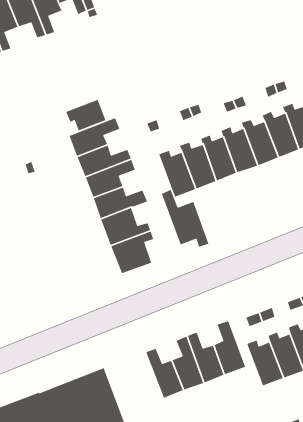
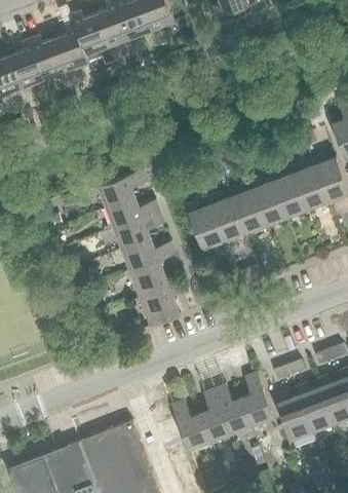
building: [65,99,107,131] -> none
building: [161,189,210,248] -> none

